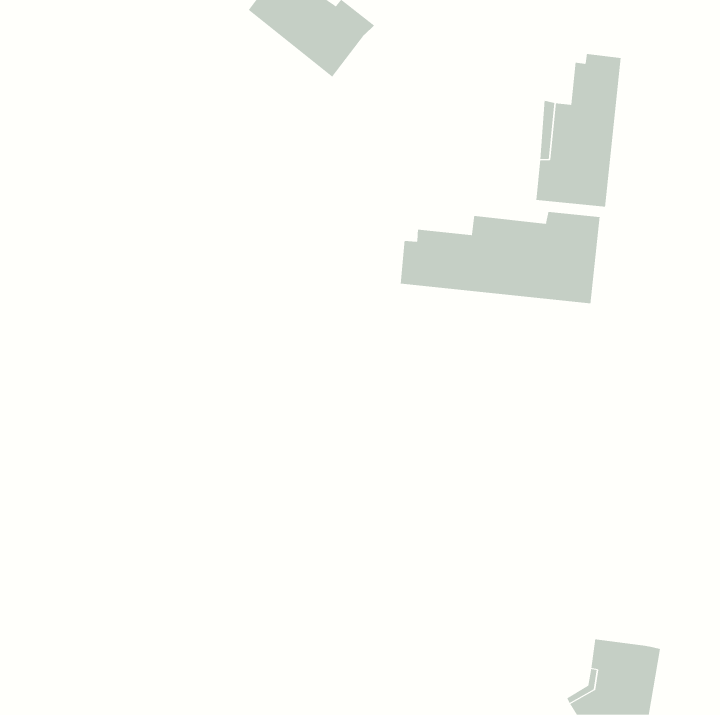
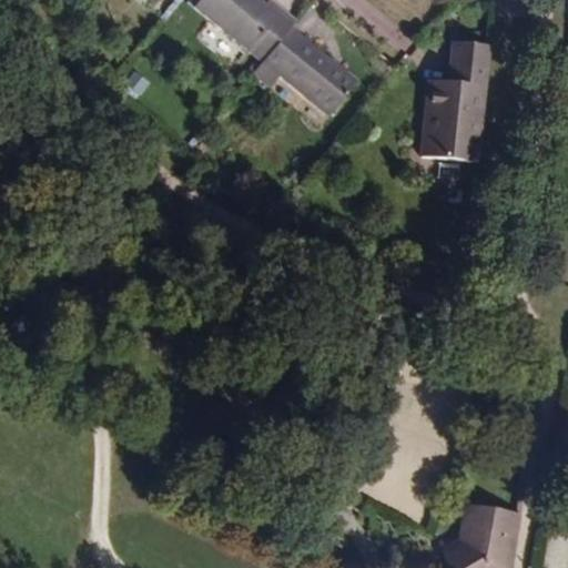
building: none -> [251,28,355,114]
building: [400,211,600,304] -> none

